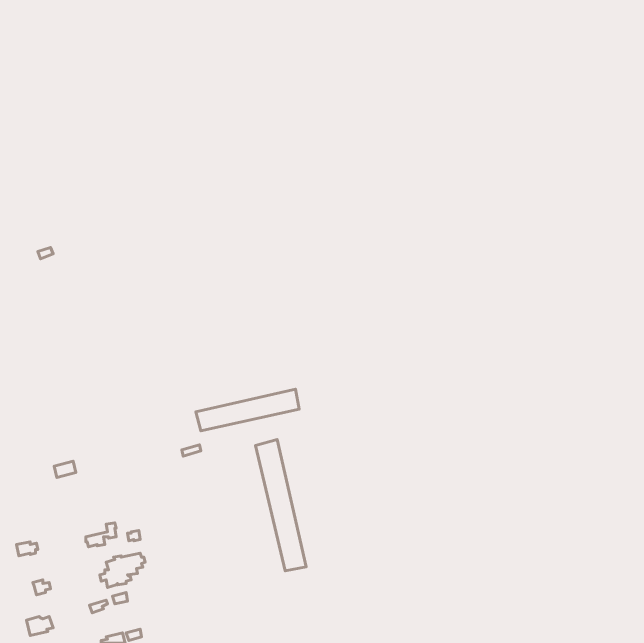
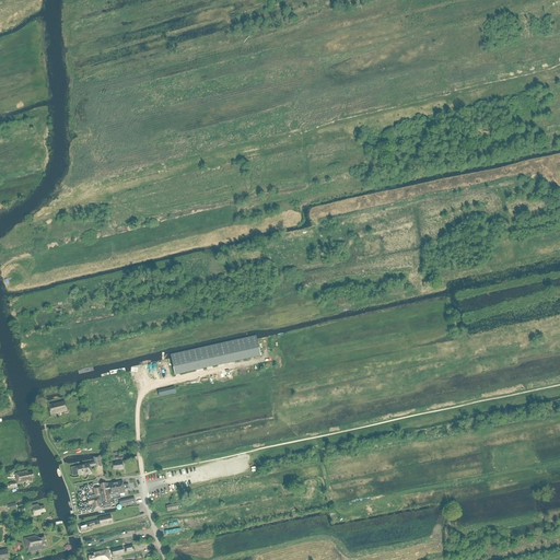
building: [256,439,306,571] -> none

